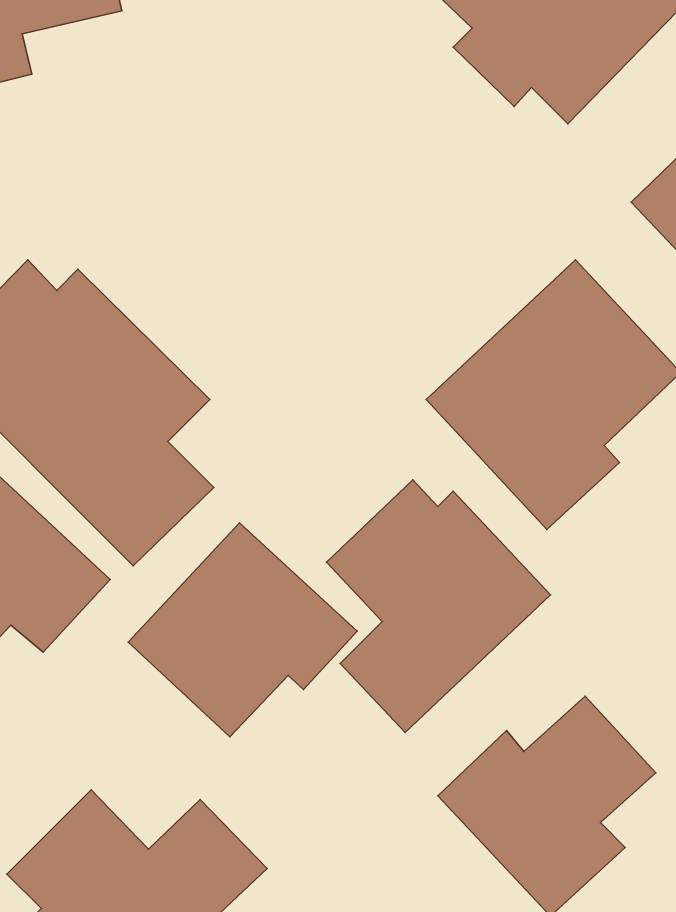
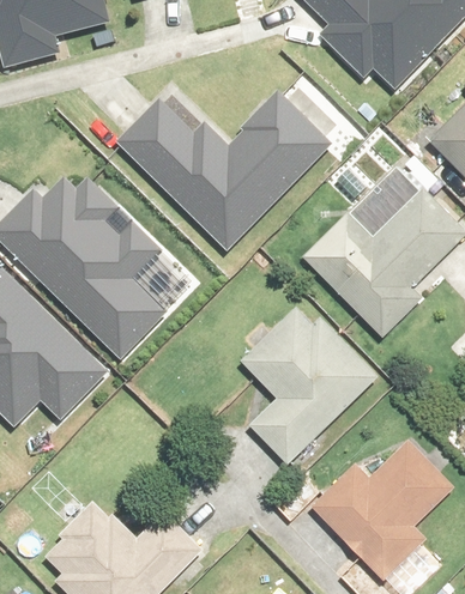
building: none -> [116,89,330,249]
building: [128,523,357,737] -> none

